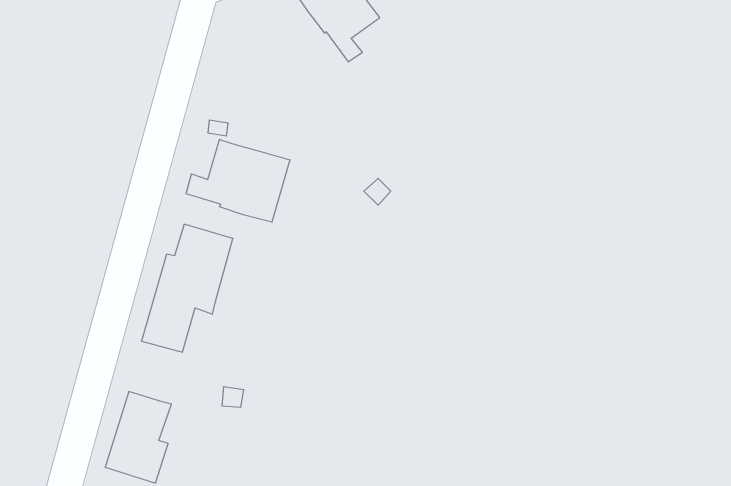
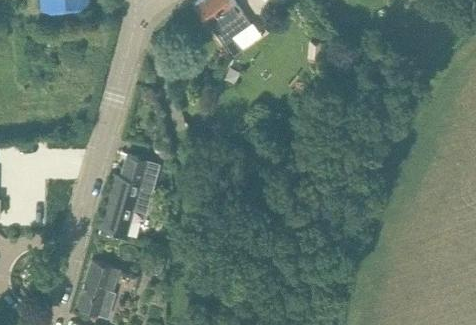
building: [186,139,290,222] -> none

